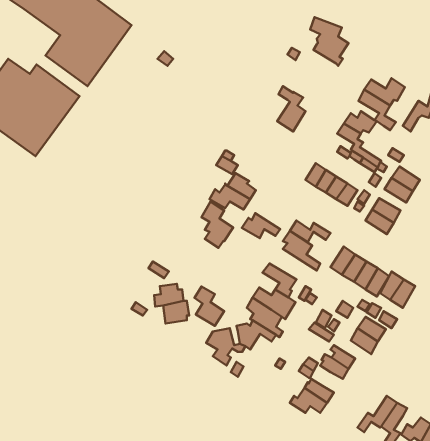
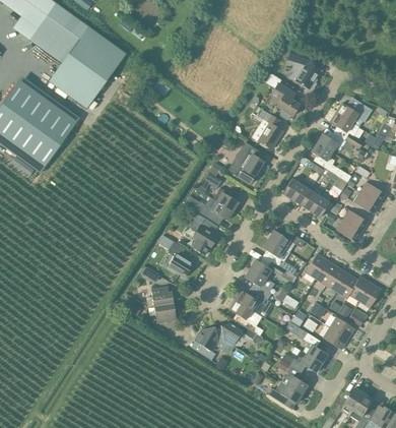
building: none -> [270,82,300,119]
building: none -> [227,141,264,184]
building: [242,213,280,238] -> [250,255,284,278]
building: [195,286,224,326] -> [167,241,193,277]

